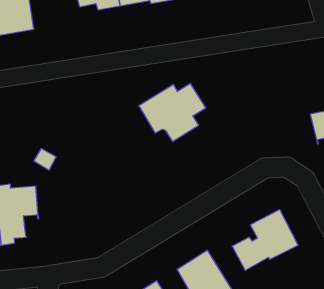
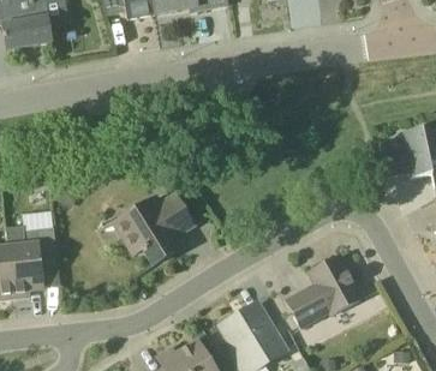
building: [139,84,206,141] -> [114,195,193,263]

